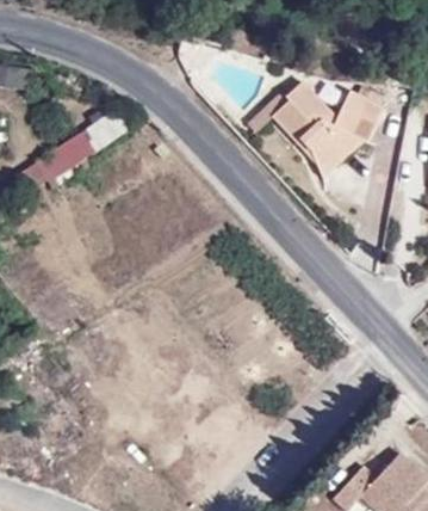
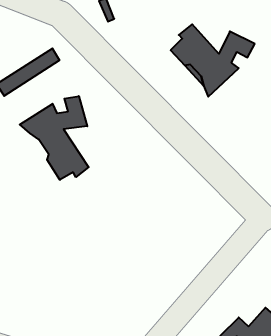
building: none -> [20,96,89,180]

